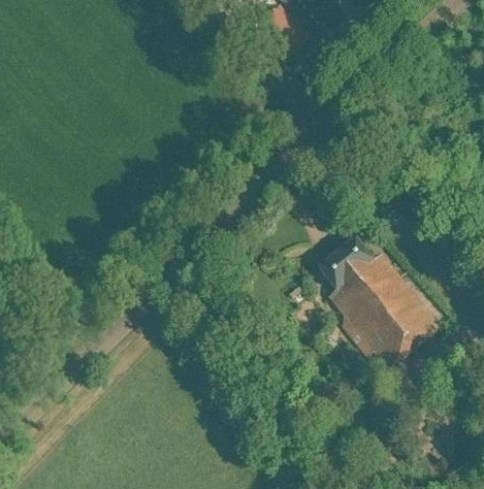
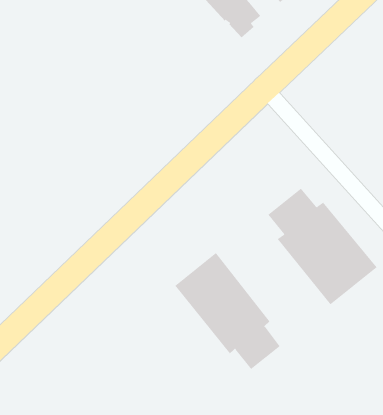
building: none -> [174,252,281,370]

